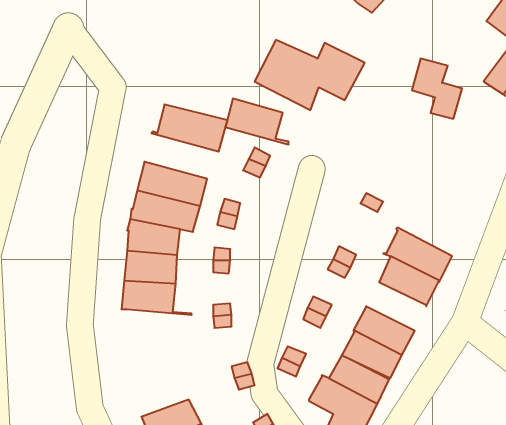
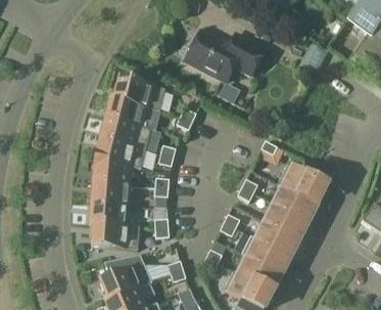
building: [226,99,289,144] -> [106,97,151,130]
building: none -> [265,204,307,238]
building: none -> [92,223,140,249]
building: none -> [99,261,141,299]

